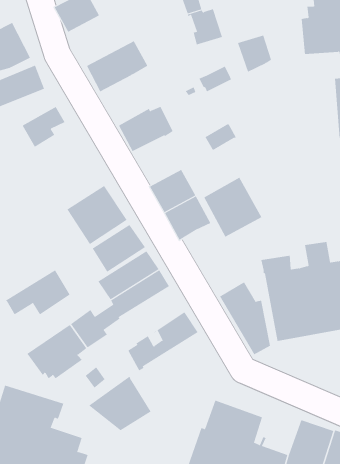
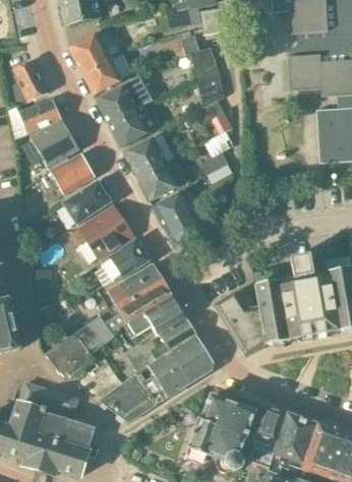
building: none -> [80,54,122,94]
building: [237,35,272,73] -> [194,73,225,107]
building: none -> [109,107,150,145]
building: none -> [30,119,70,152]
building: none -> [44,154,95,193]
building: none -> [137,161,179,199]
building: none -> [63,180,111,225]
building: [204,177,262,237] -> none
building: [5,269,70,315] -> [126,294,184,335]
building: none -> [136,335,214,405]
building: none -> [253,403,287,443]

